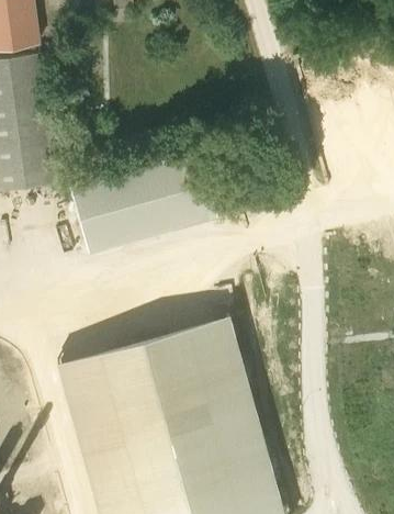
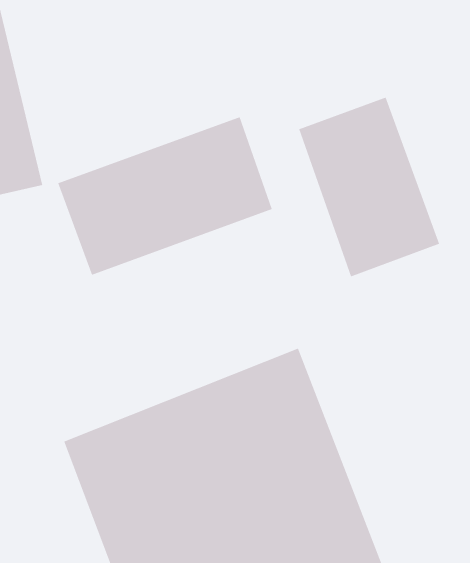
building: none -> [298,96,440,277]

